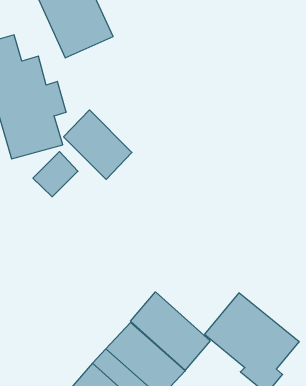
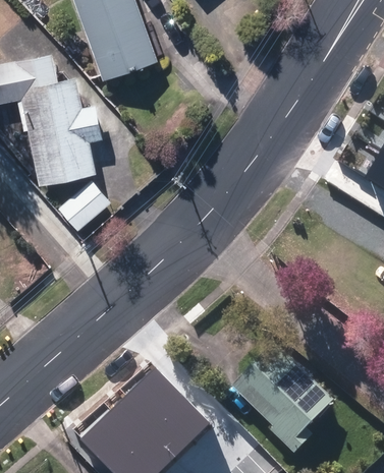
building: [64,110,132,179] -> none
building: [131,292,210,370] -> none

